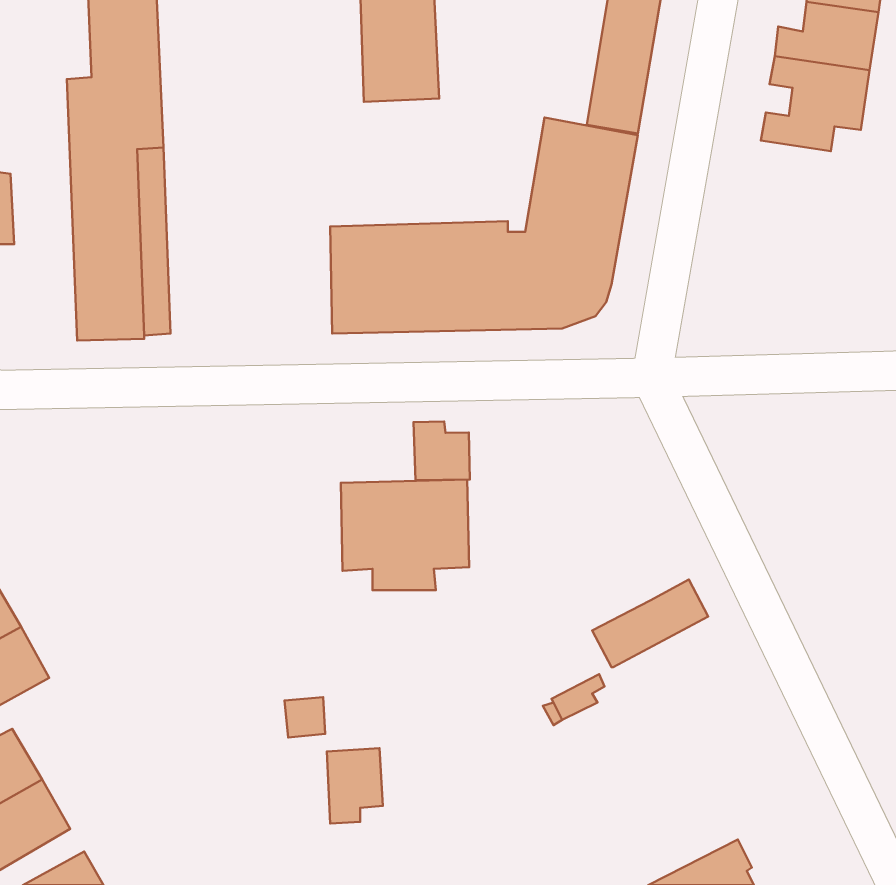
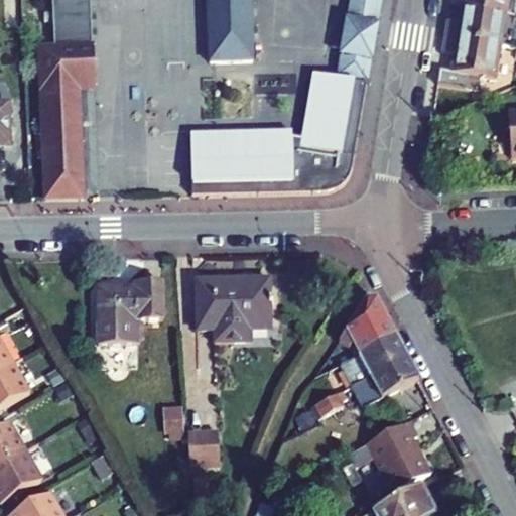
building: [413,421,470,480] -> none
building: none -> [96,278,162,341]
building: none -> [339,296,395,346]
building: none -> [352,354,418,405]
building: none -> [366,418,429,490]

